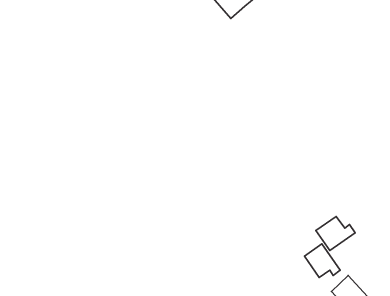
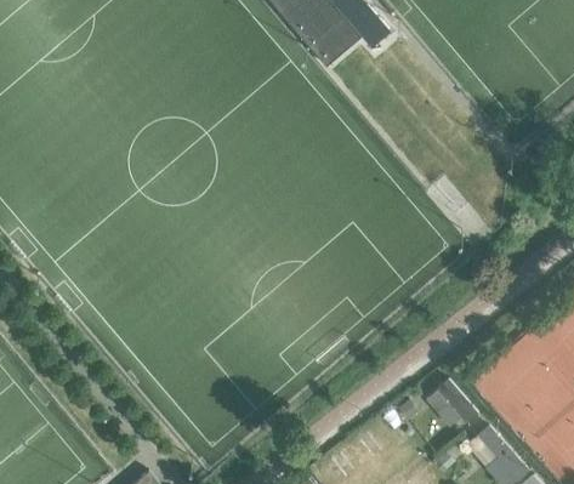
building: [316,216,355,250] -> none

